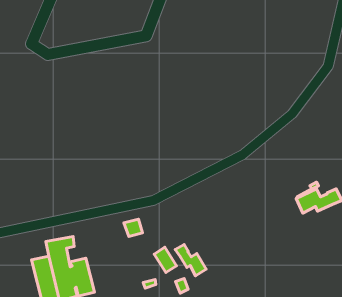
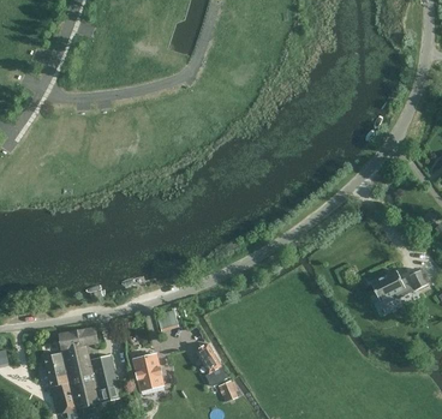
building: [175,244,206,276] -> none
building: none -> [130,354,165,390]

